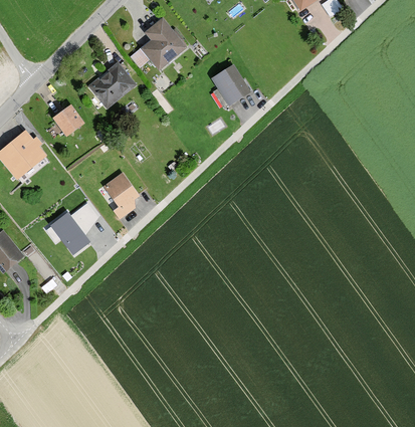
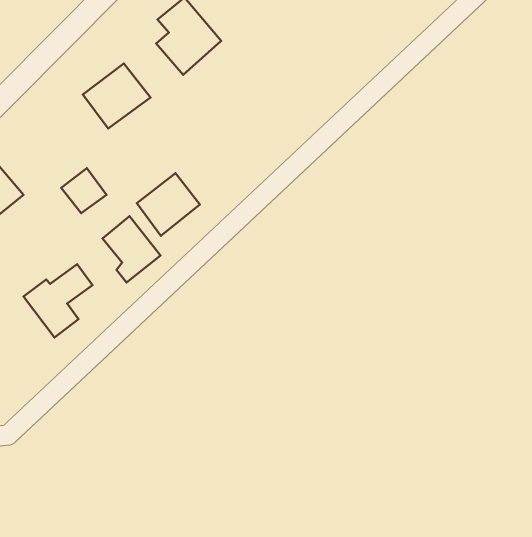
building: [210,61,252,104] -> none
building: [51,102,83,135] -> [61,168,106,213]
building: none -> [137,173,200,236]

